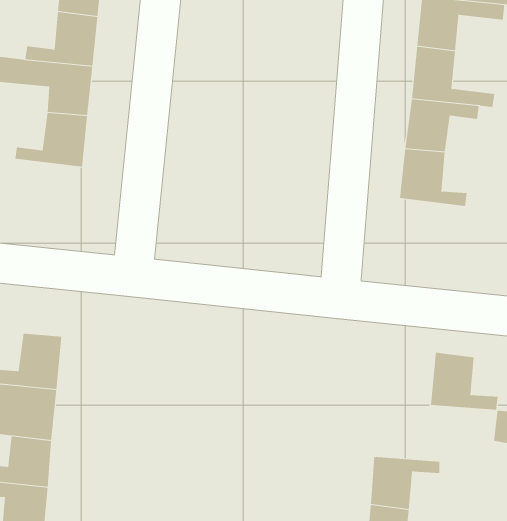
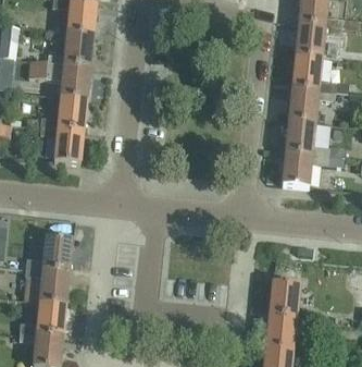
building: none -> [40,124,85,162]
building: none -> [283,149,328,185]
building: [430,352,498,410] -> [270,280,313,317]

